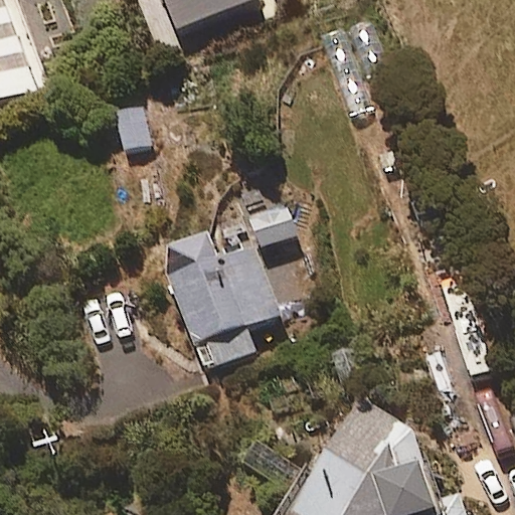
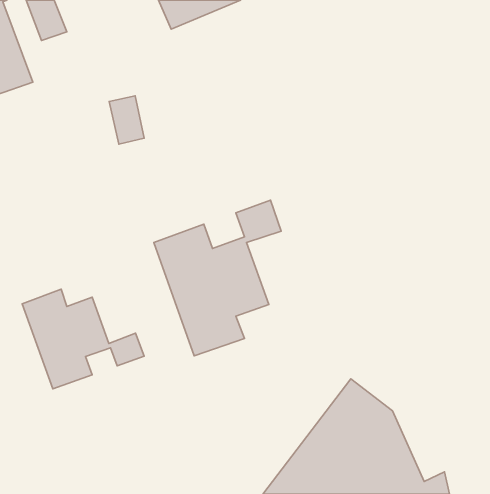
building: none -> [22,289,144,389]

